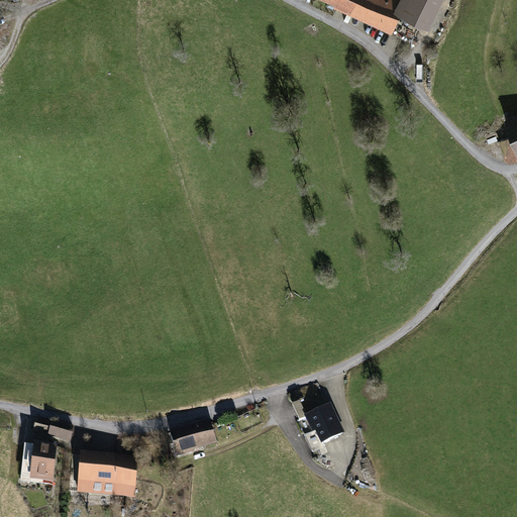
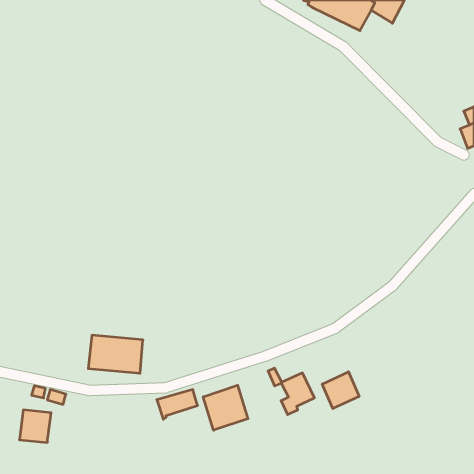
building: none -> [322,372,359,409]
building: none -> [203,385,248,430]
building: [78,455,137,497] -> [88,335,143,373]

